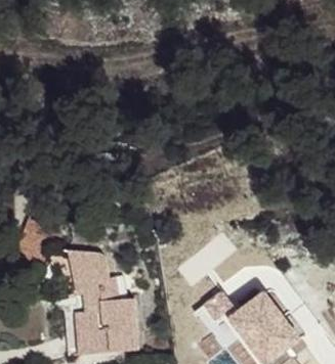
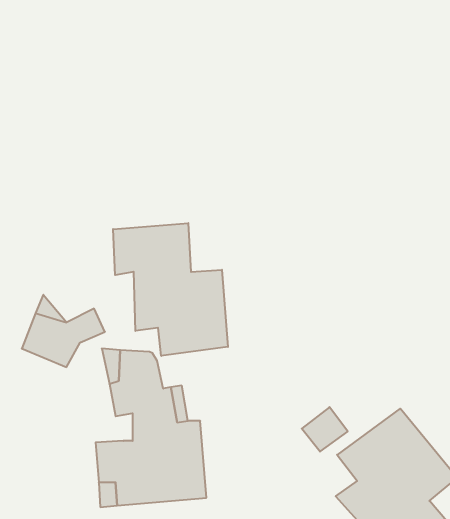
building: none -> [113,223,228,356]

